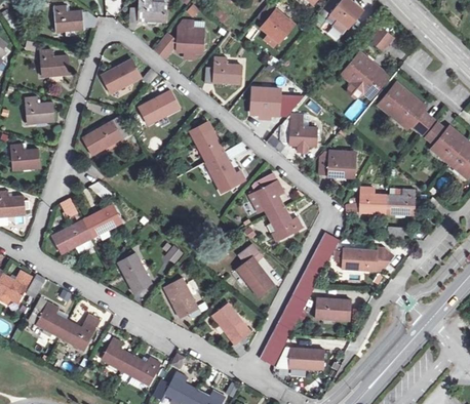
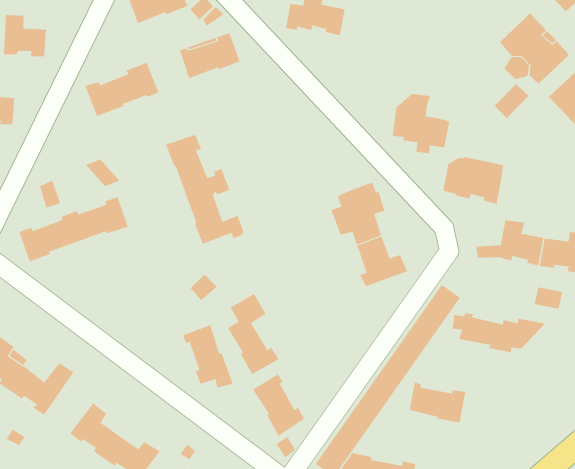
building: [250,88,287,115] -> none
building: [190,122,247,192] -> [165,134,244,244]
building: [238,244,274,296] -> [227,293,279,375]
building: [118,253,152,293] -> none

